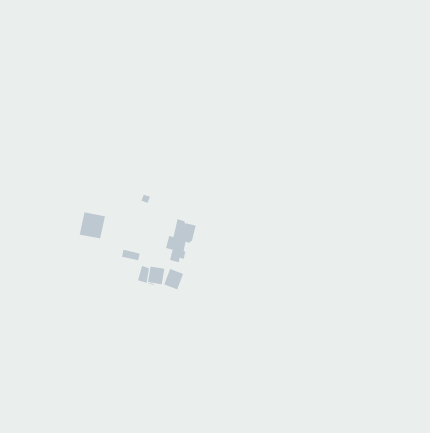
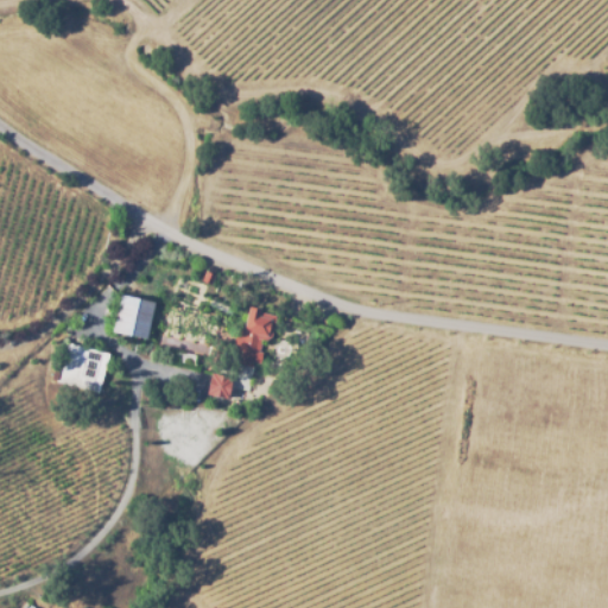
building: none -> [59,343,112,392]
building: [163,268,184,290] -> none

